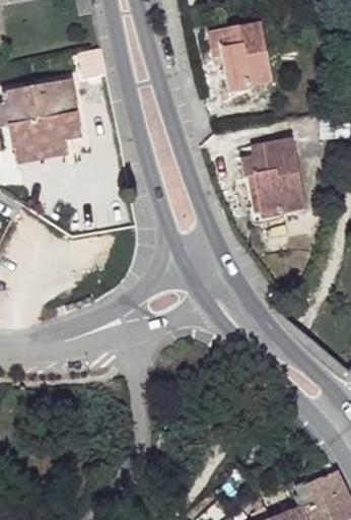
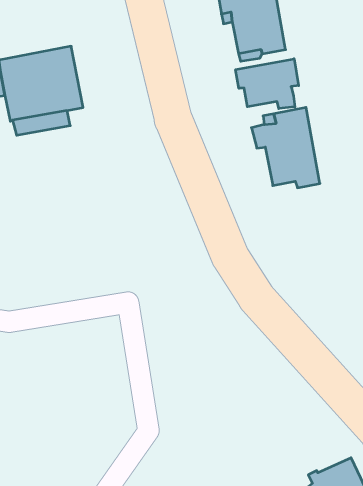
building: none -> [236,59,299,109]

